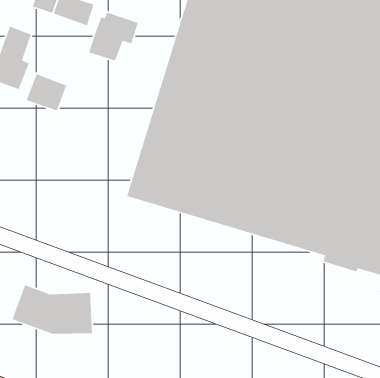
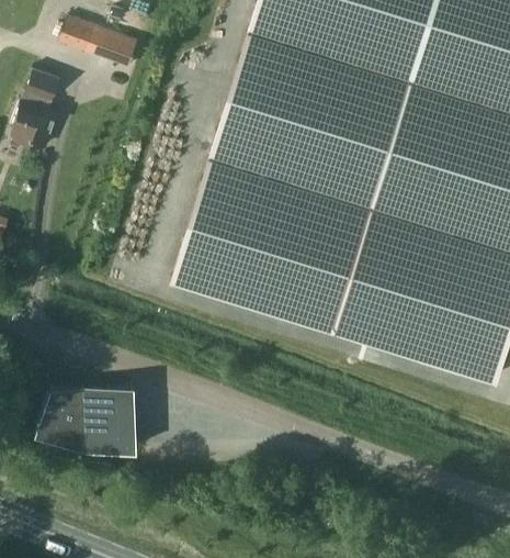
building: [88,11,139,62] -> none
building: [25,73,67,111] -> none

